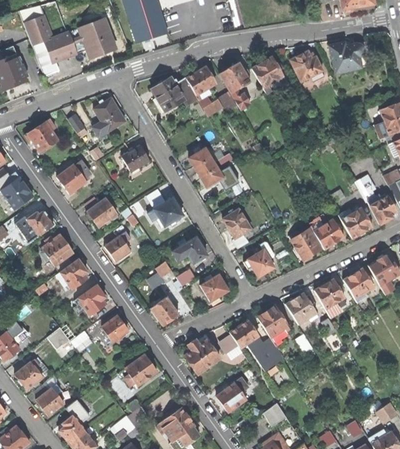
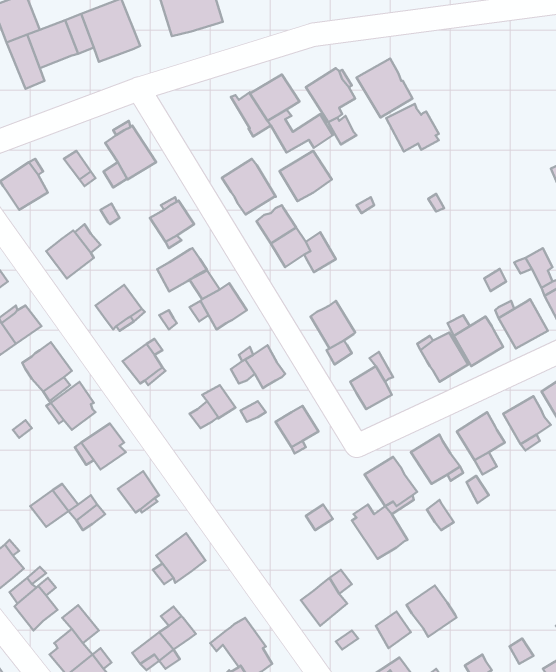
building: [329,41,372,73] -> none
building: [290,51,323,81] -> [386,104,439,151]
building: [151,76,185,111] -> [222,159,276,214]
building: none -> [279,151,332,201]
building: none -> [157,248,207,291]
building: [151,297,179,325] -> none
building: [230,320,259,350] -> none
building: [185,339,220,373] -> none
building: none -> [407,585,456,637]

